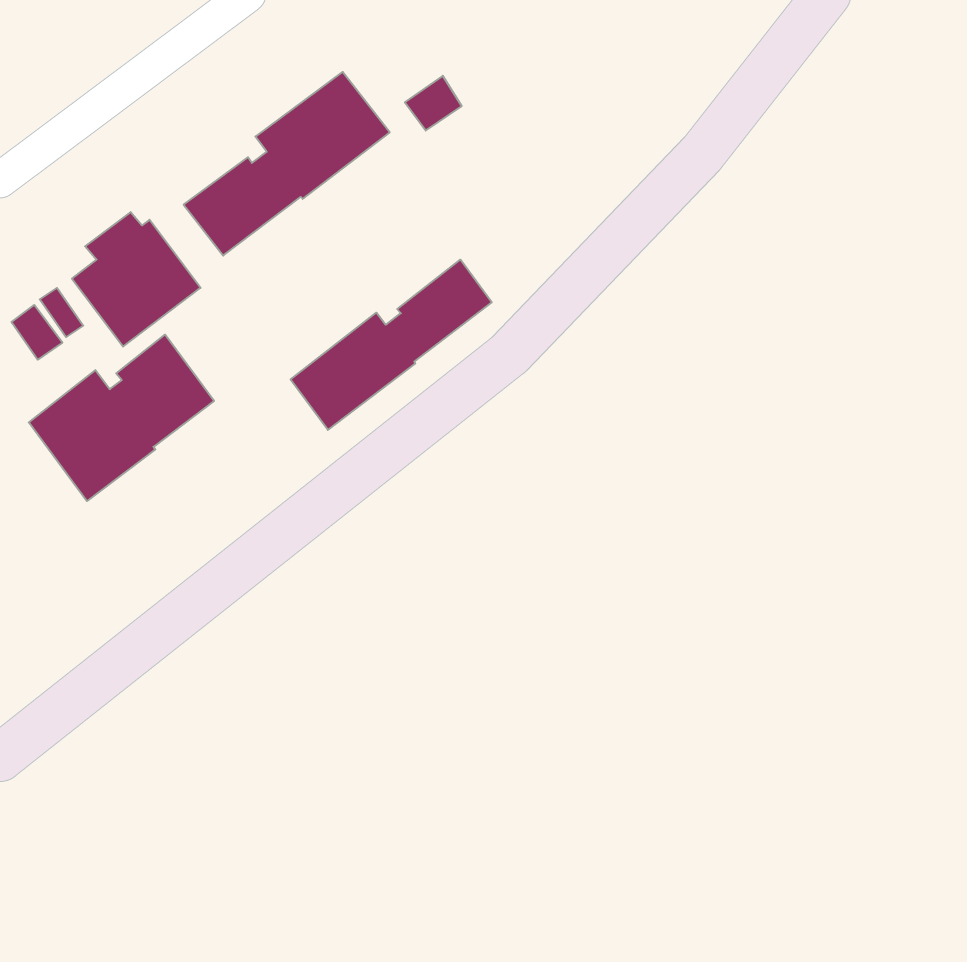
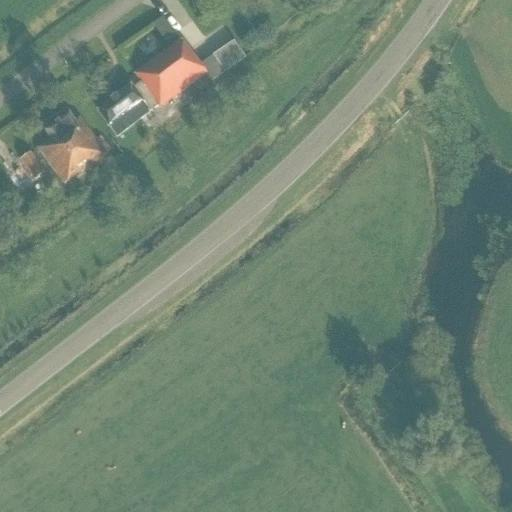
building: [291,260,492,430] -> none
building: [29,335,214,501] -> none

